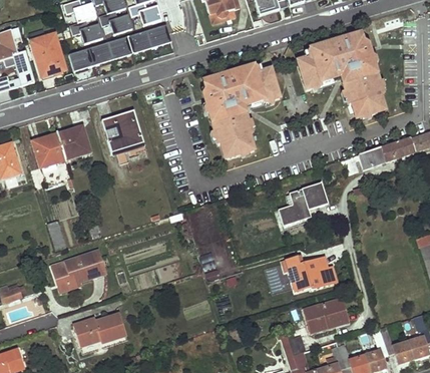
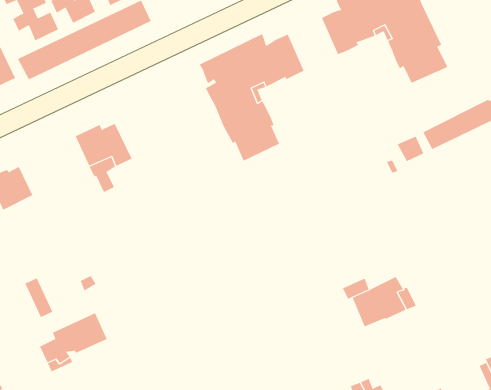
building: [58,124,90,157] -> none
building: [281,181,329,224] -> none
building: [303,296,348,332] -> none

